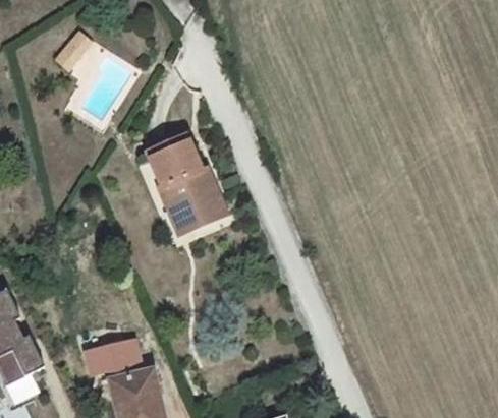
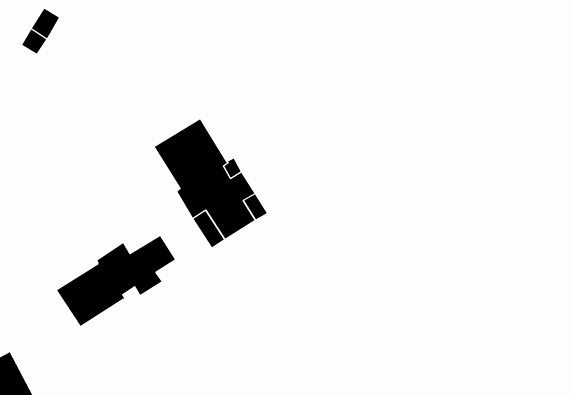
building: none -> [56,235,176,327]

